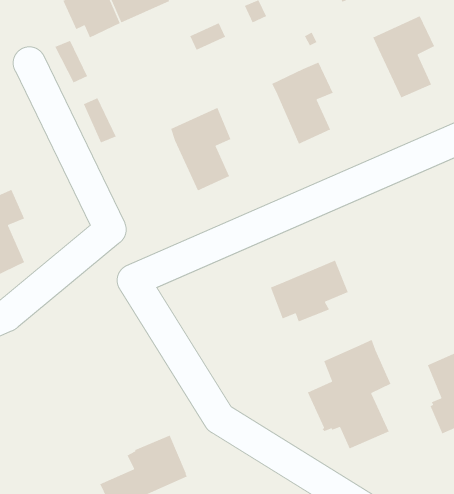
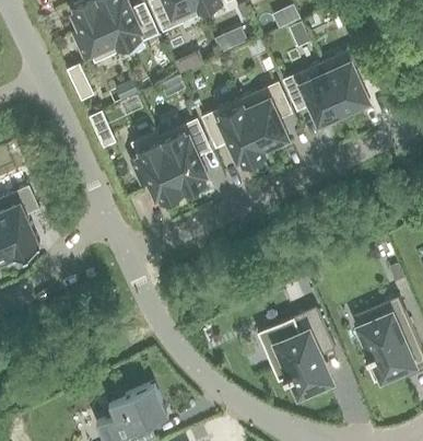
building: none -> [280,65,341,126]
building: none -> [198,102,259,163]
building: none -> [128,132,178,200]
building: [270,259,349,323] -> none

